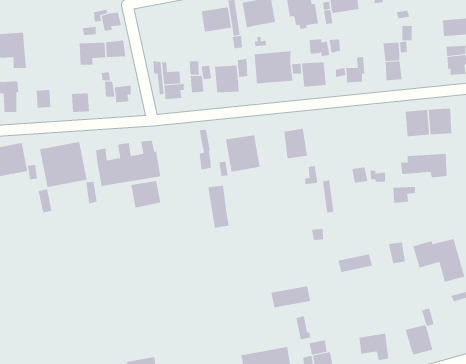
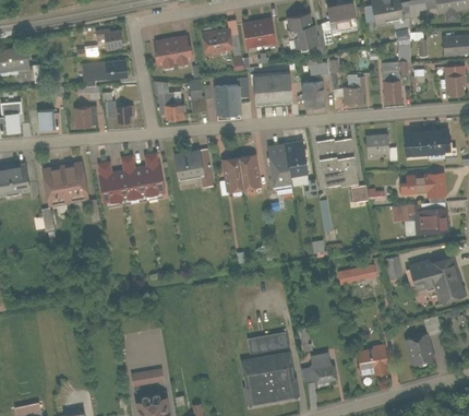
building: none -> [155,34,191,68]
building: none -> [366,132,389,153]
building: none -> [316,138,359,187]
building: [130,180,161,208] -> [173,148,204,176]
building: [207,185,229,228] -> [267,150,289,192]
building: none -> [420,207,449,237]
building: [270,286,311,308] -> [242,336,282,358]

